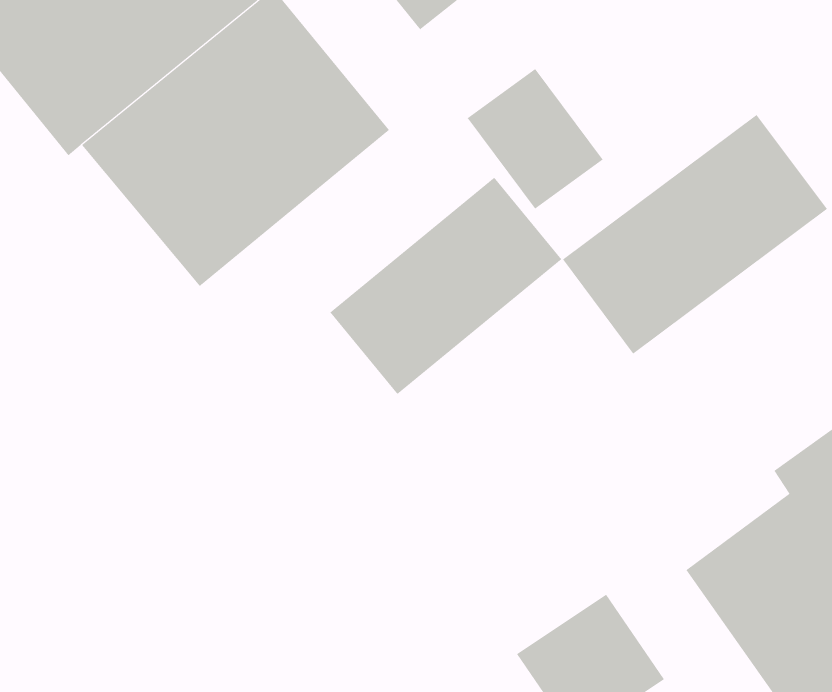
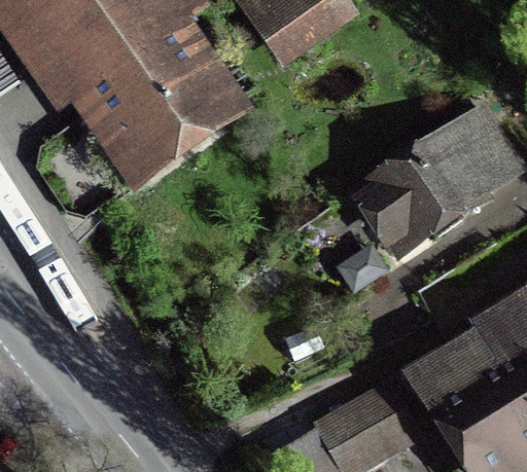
building: [467,68,603,209] -> none
building: [329,177,562,395] -> none

